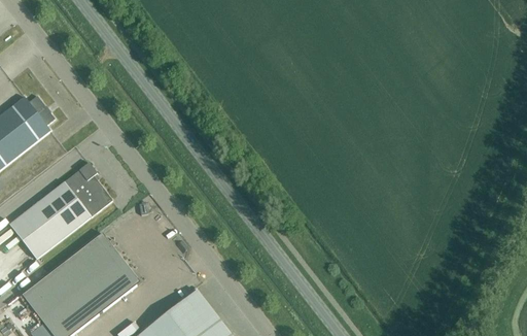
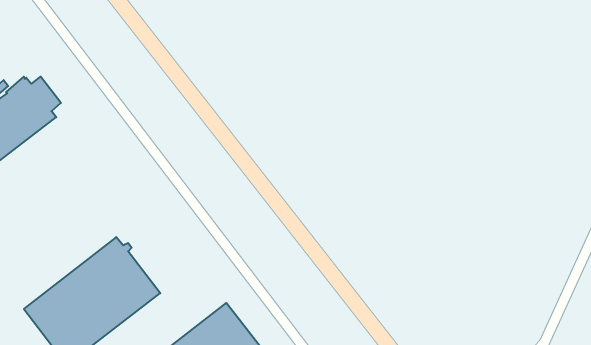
building: [9,163,112,259] -> none

